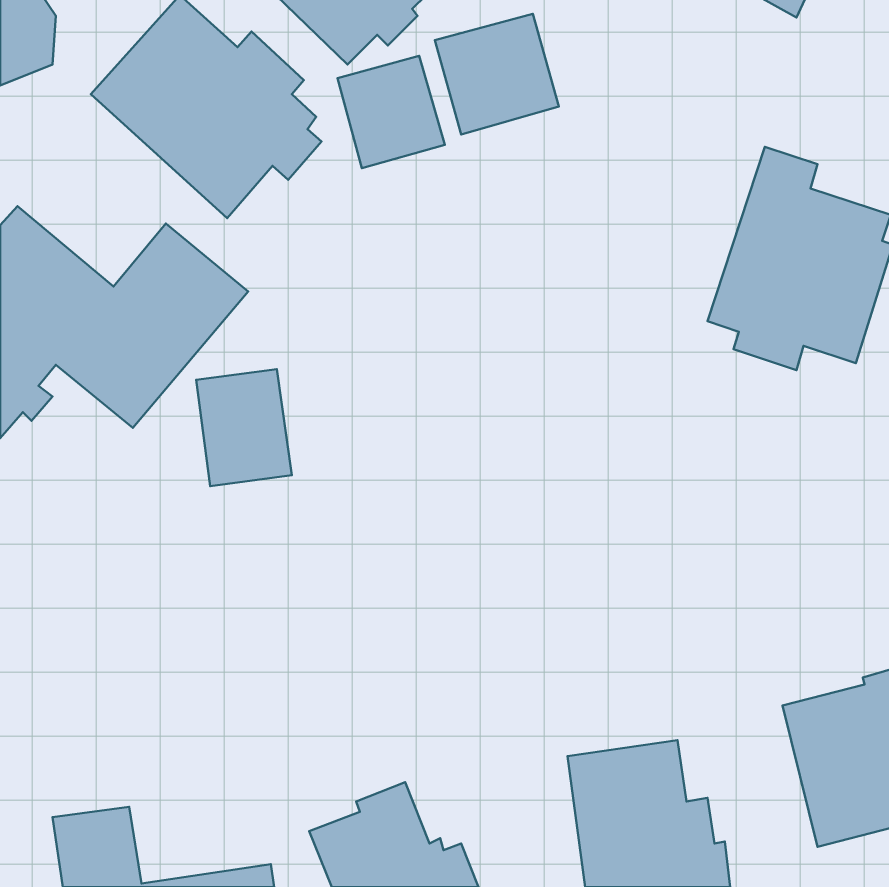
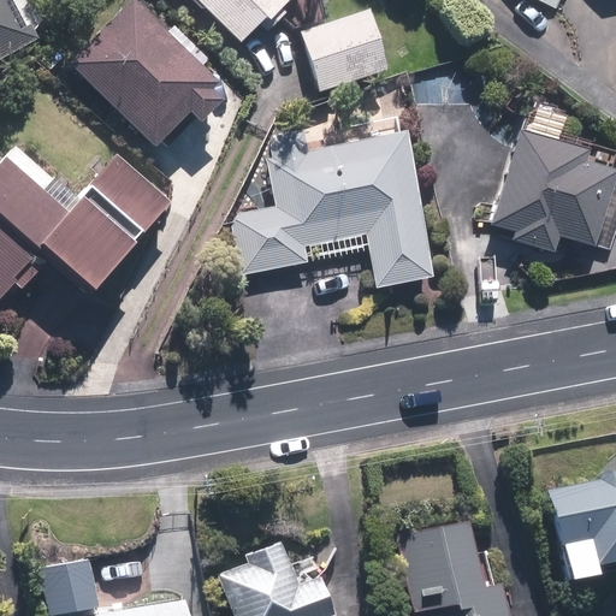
building: [338,56,445,168] -> none
building: none -> [231,113,433,285]
building: [196,369,292,486] -> none

